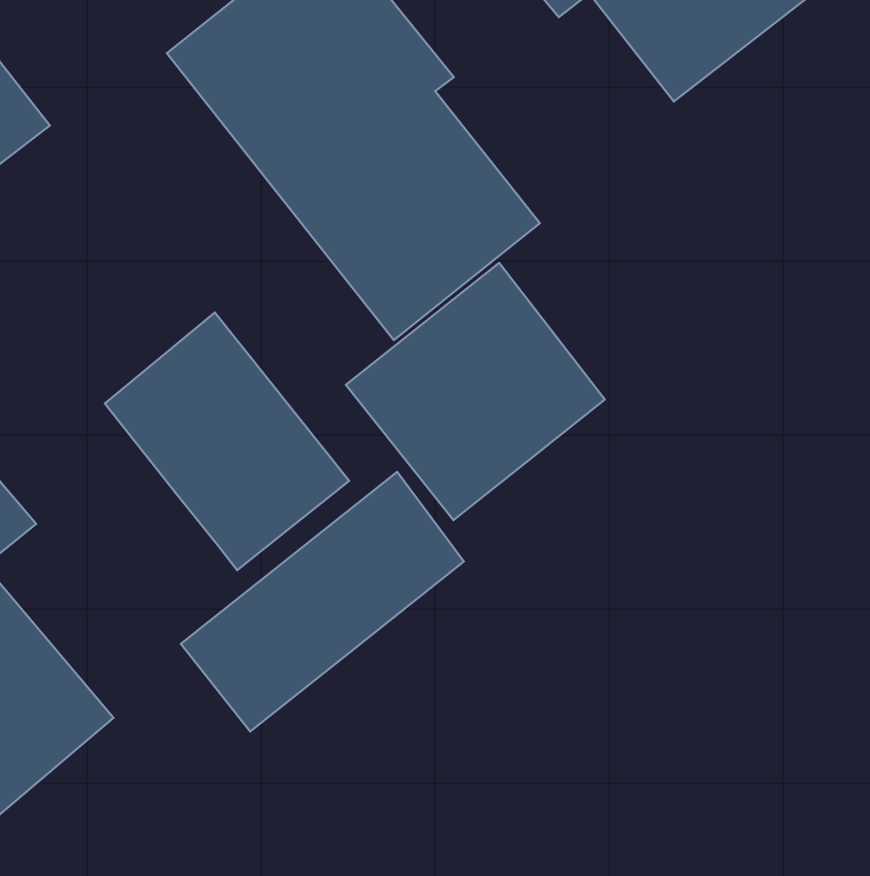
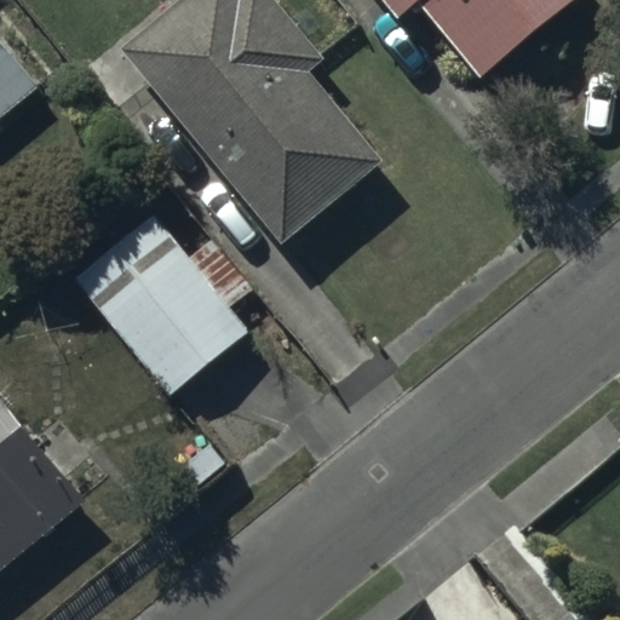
building: [346,263,605,520] -> none
building: [181,472,464,732] -> none

